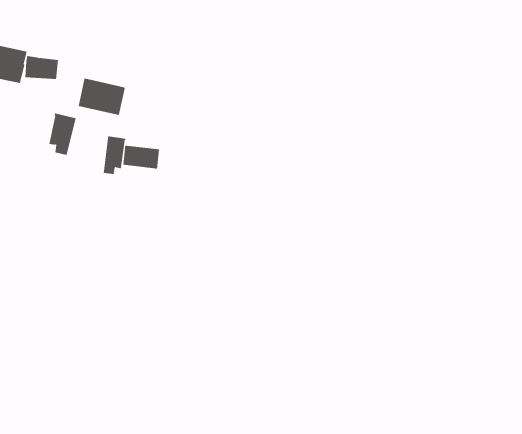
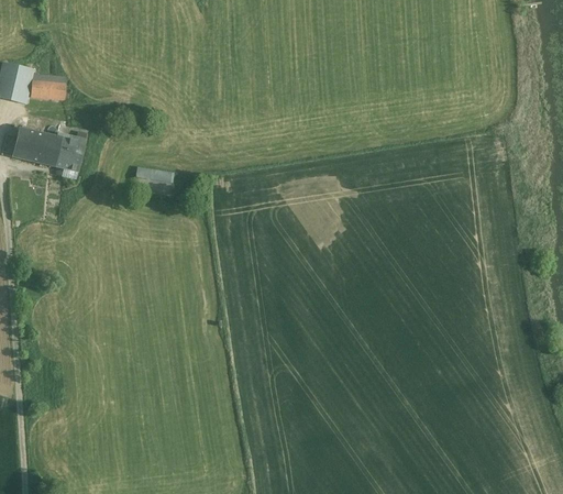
building: [78,78,126,115] -> [11,127,62,166]
building: [103,136,126,175] -> none

